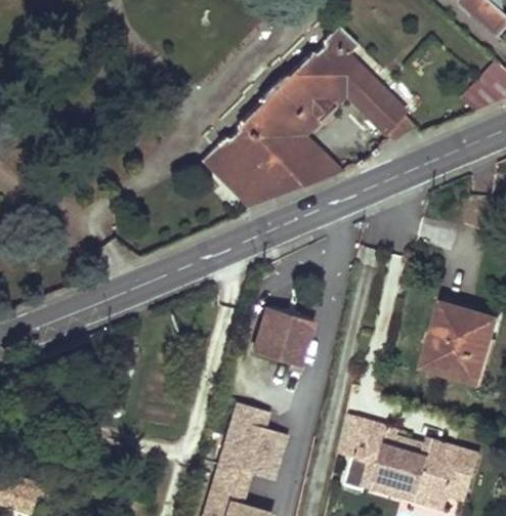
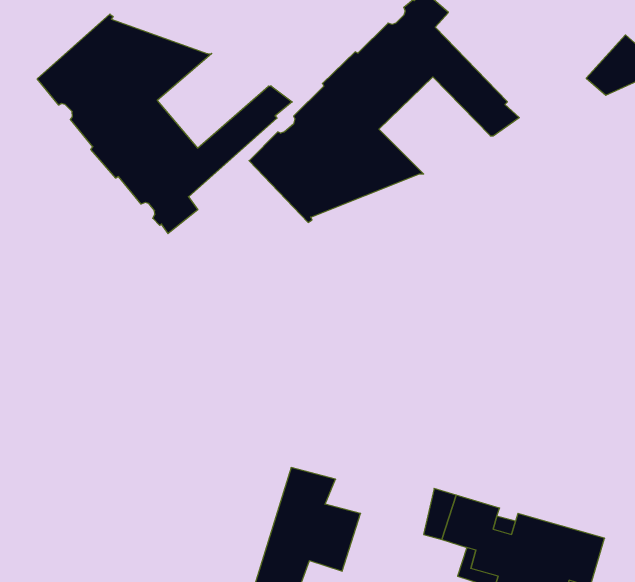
building: none -> [37,14,292,234]
building: [423,303,497,384] -> none
building: [254,309,328,371] -> none

